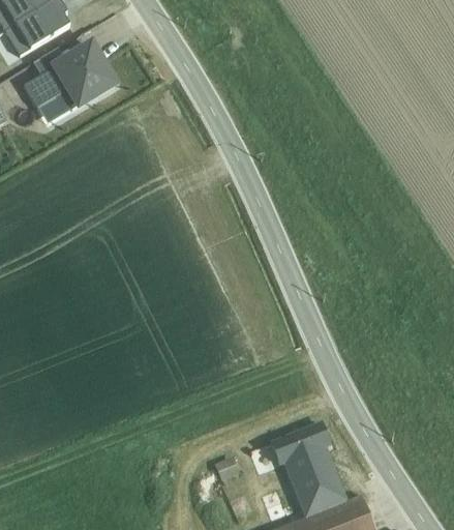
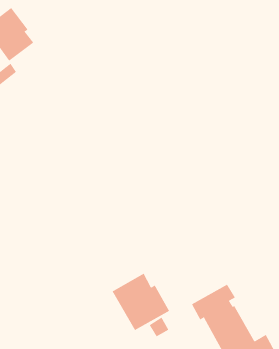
building: none -> [112,273,170,331]

